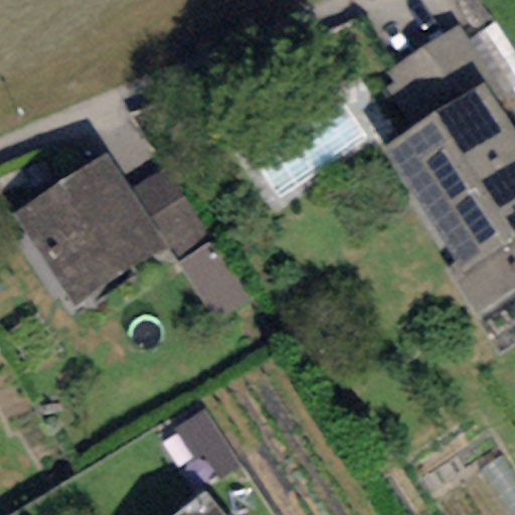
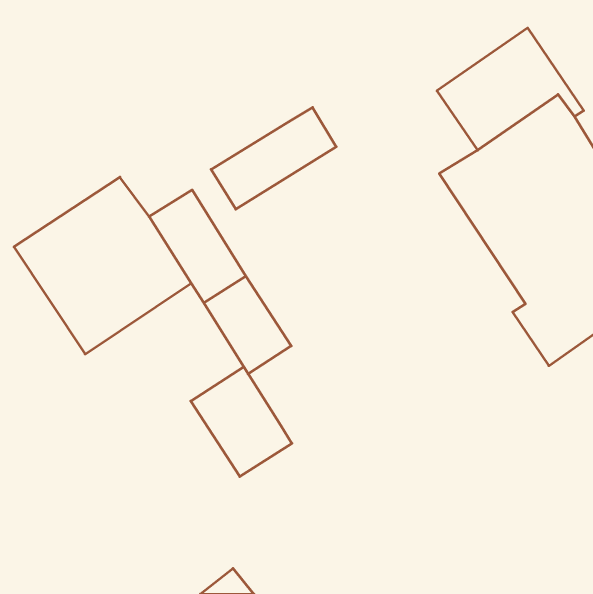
building: none -> [211,107,336,209]
building: none -> [191,367,292,477]

